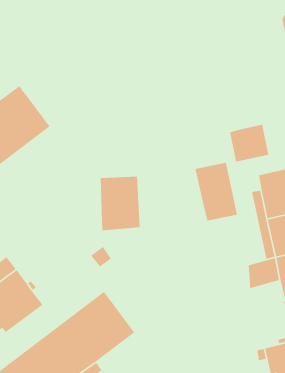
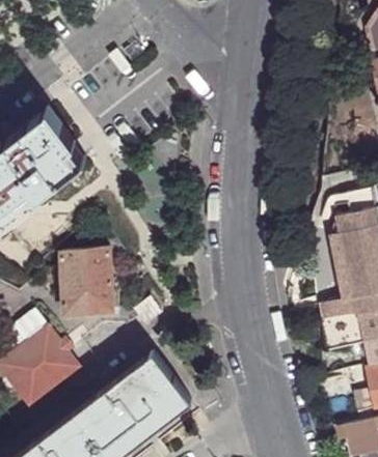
building: [229,124,269,163] -> none
building: [195,162,238,221] -> none
building: [100,176,140,231] -> [64,250,113,316]

